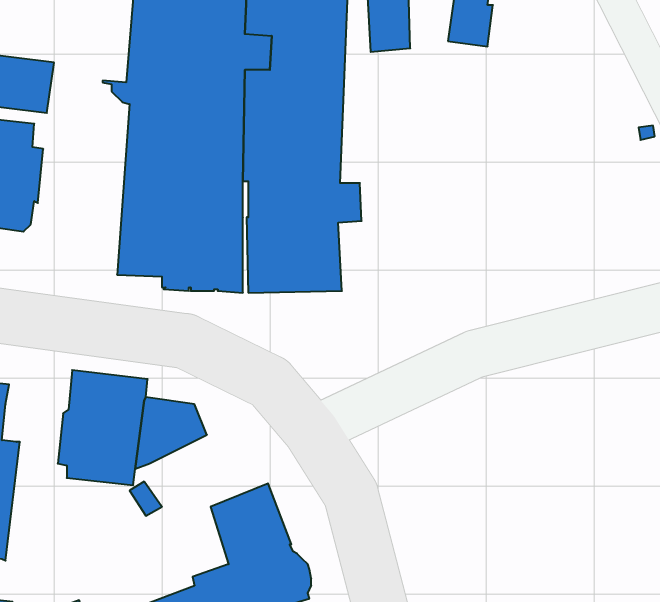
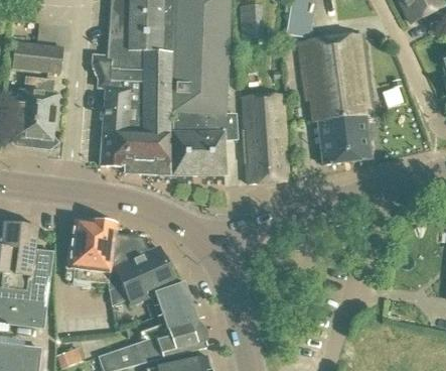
building: none -> [300,33,373,164]
building: none -> [241,93,288,182]
building: none -> [118,250,172,303]

